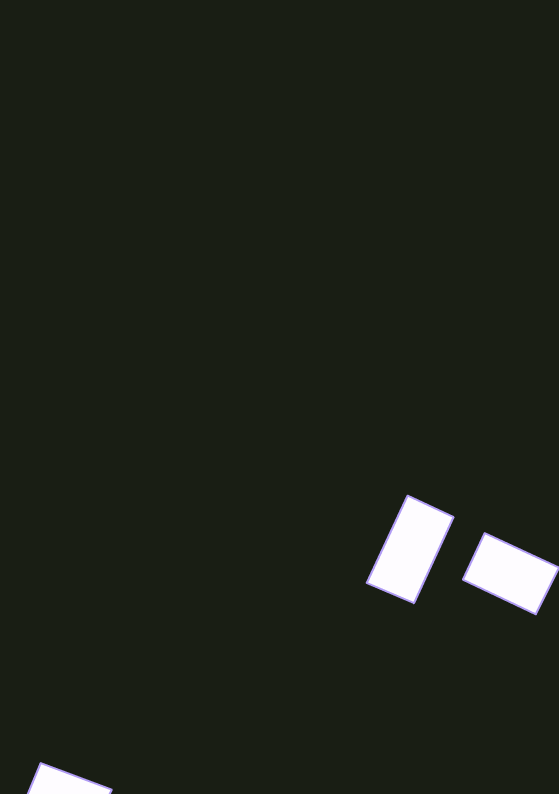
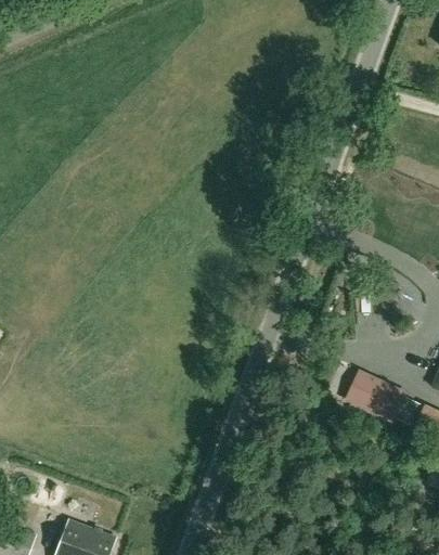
building: [367,496,453,603] -> none

